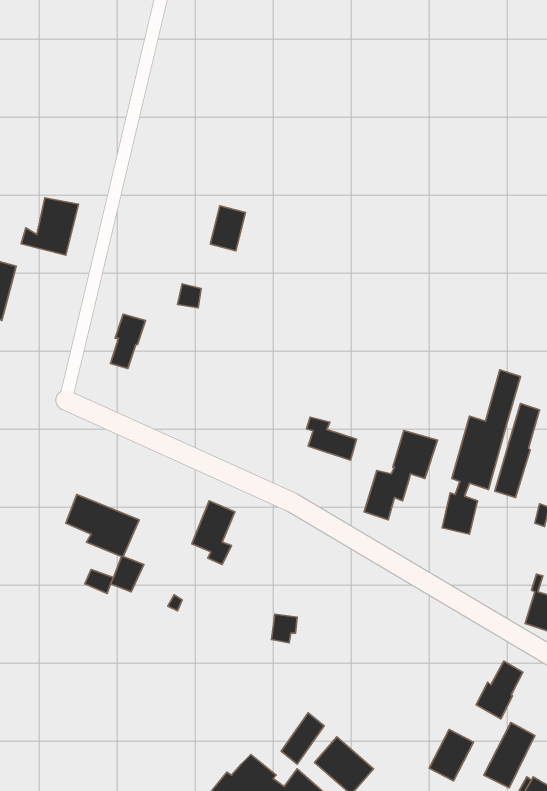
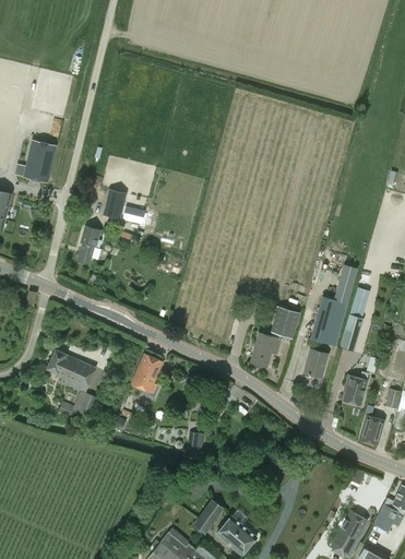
building: [210,206,245,251] -> [103,189,127,219]
building: [307,417,357,460] -> none
building: none -> [344,374,367,404]
building: [476,661,523,719] -> none
building: [429,730,474,781] -> none

